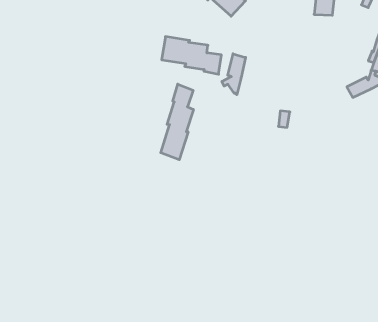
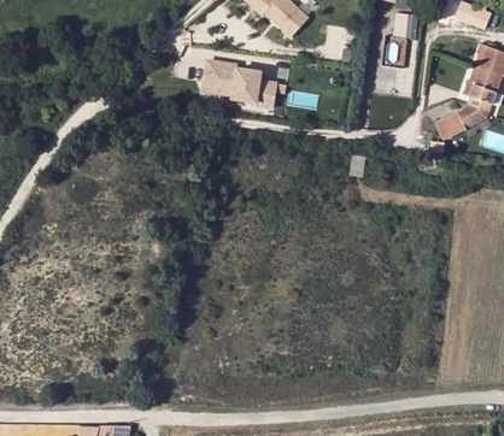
building: [222,54,246,95] -> none
building: [161,84,193,160] -> none

